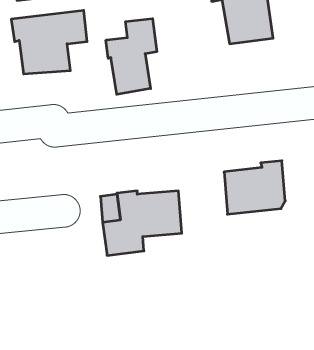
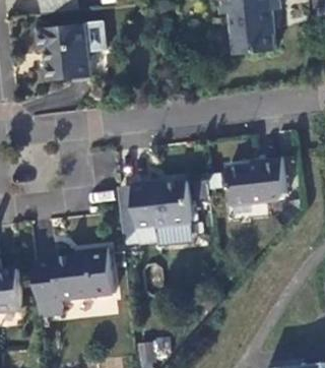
building: [106,19,157,94] -> none
building: none -> [32,247,111,315]

